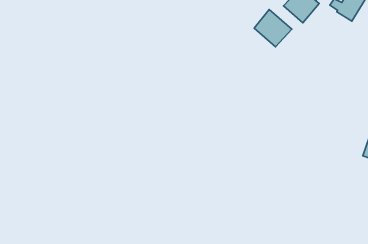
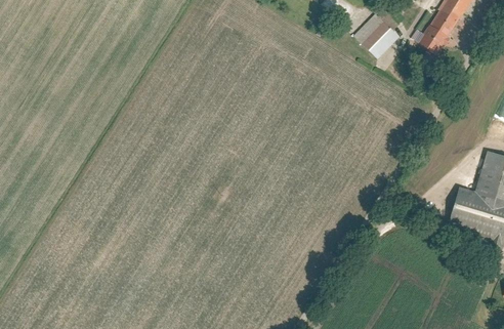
building: [254,10,292,47] -> none

